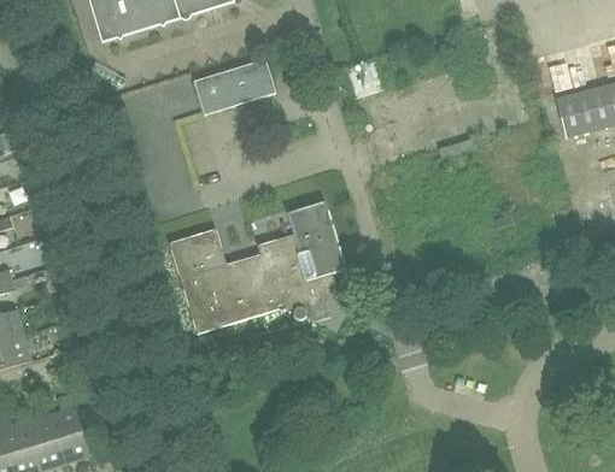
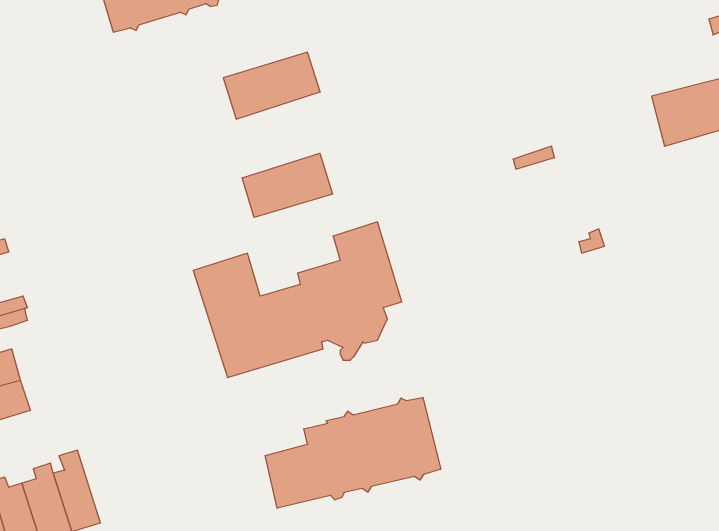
building: none -> [242,153,333,217]
building: none -> [265,397,441,508]

